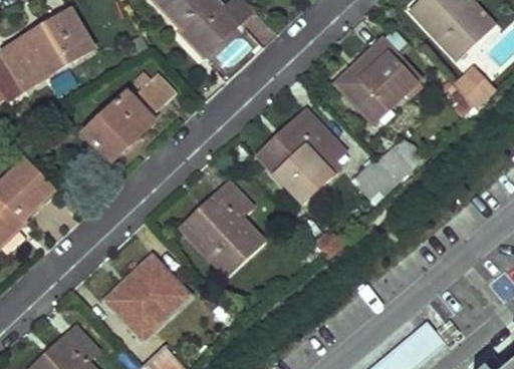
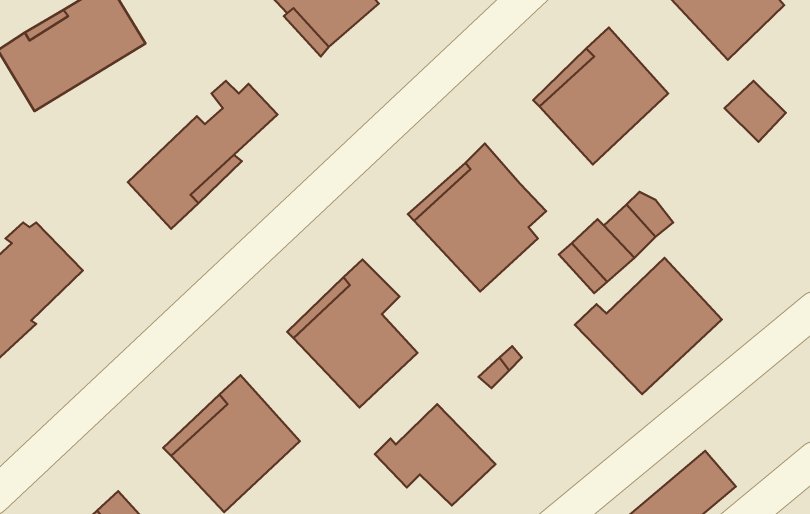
building: none -> [575,258,722,394]
building: none -> [375,404,496,505]

